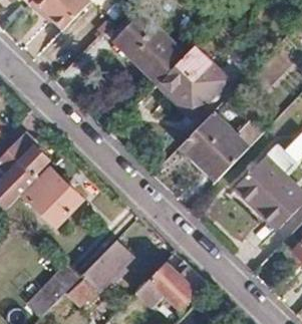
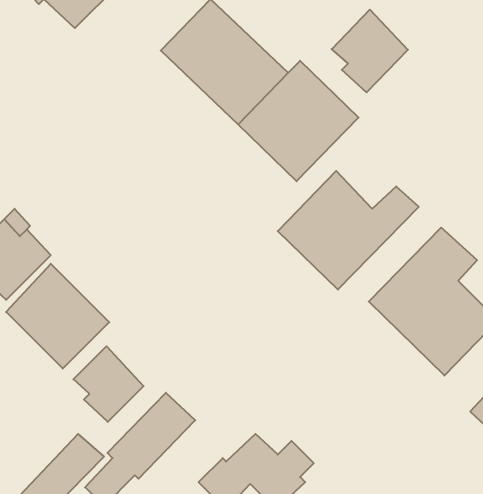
building: none -> [332,10,408,92]
building: none -> [73,346,144,422]

